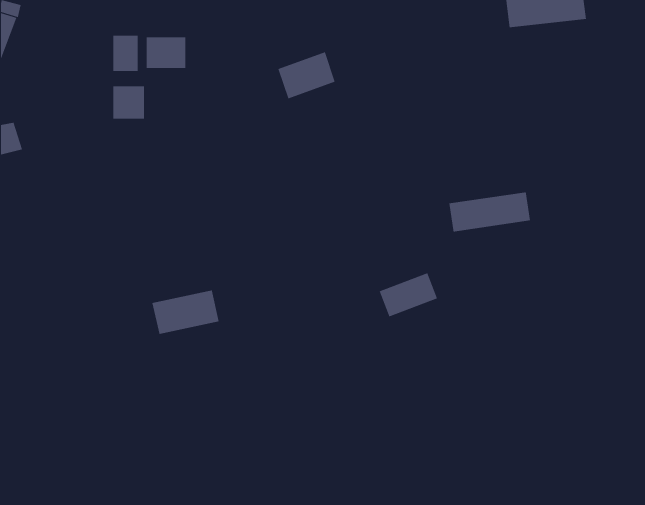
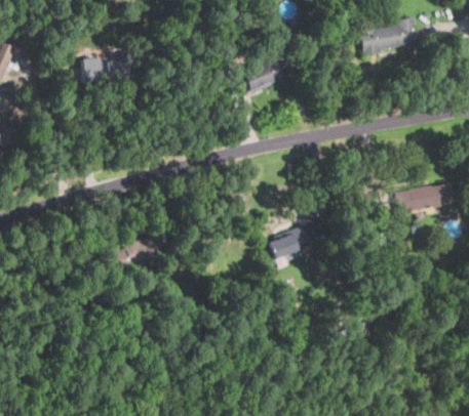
building: [278,52,335,99] -> [241,58,282,92]
building: [113,86,145,119] -> none
building: [448,192,531,232] -> [394,183,453,212]

